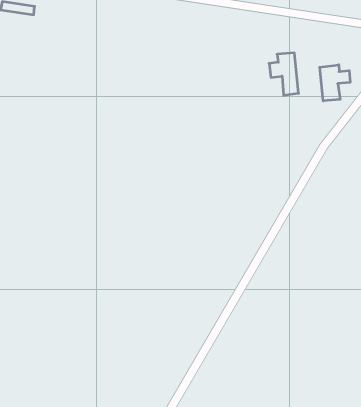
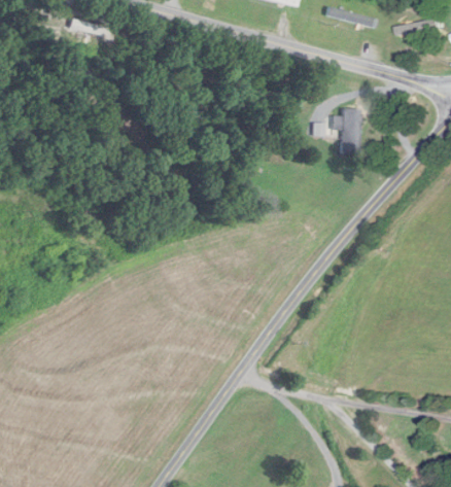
building: [320,65,350,101] -> none

